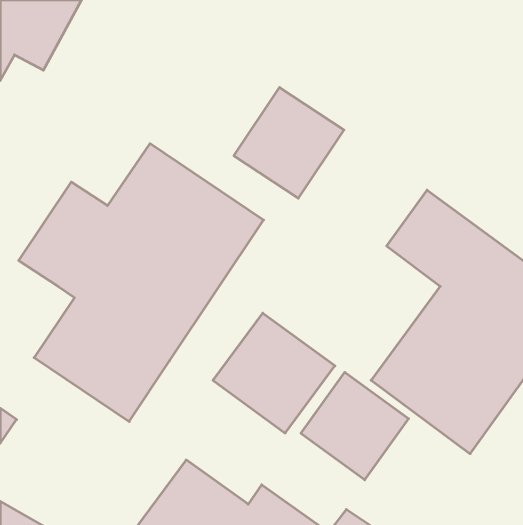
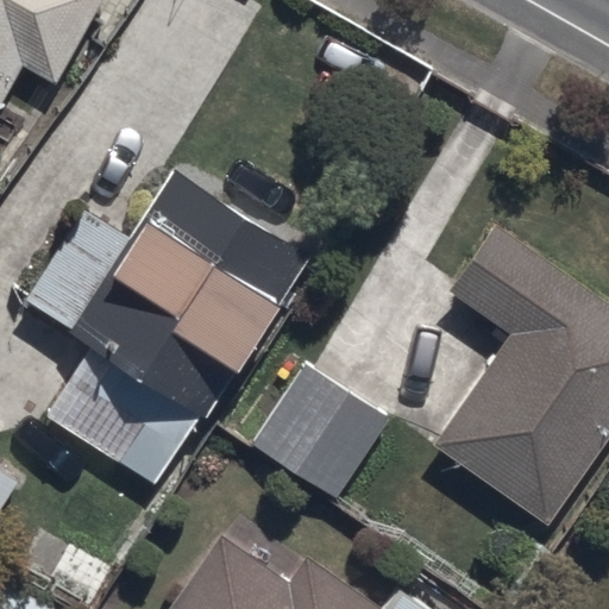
building: [234,87,344,198] -> none
building: [301,372,409,480] -> none

